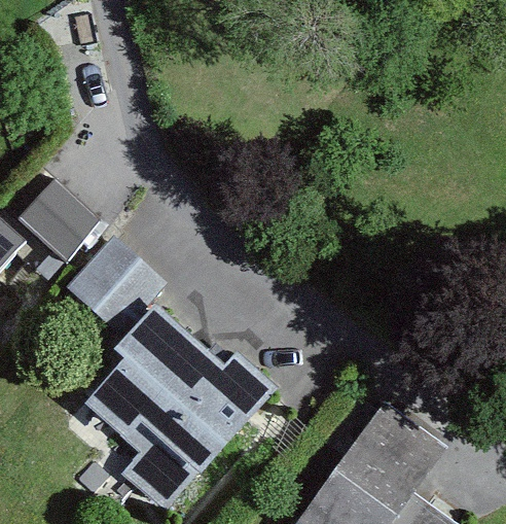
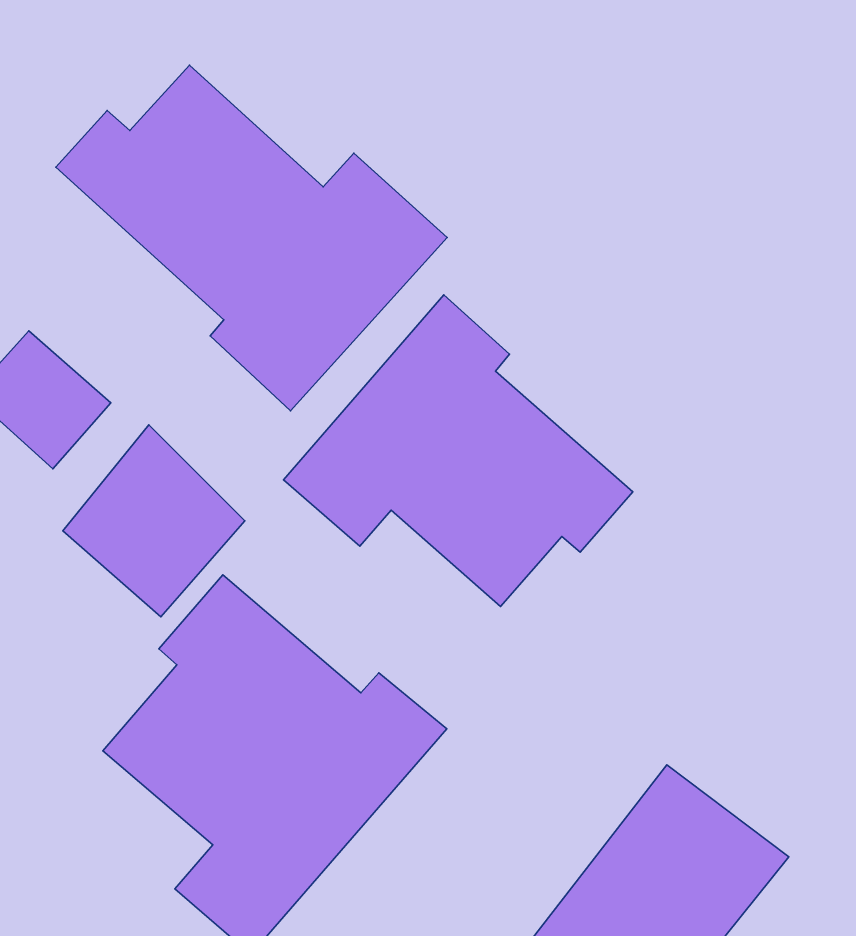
building: none -> [56,65,447,411]
building: none -> [283,295,633,606]

